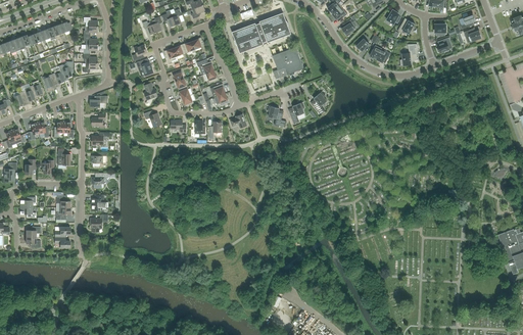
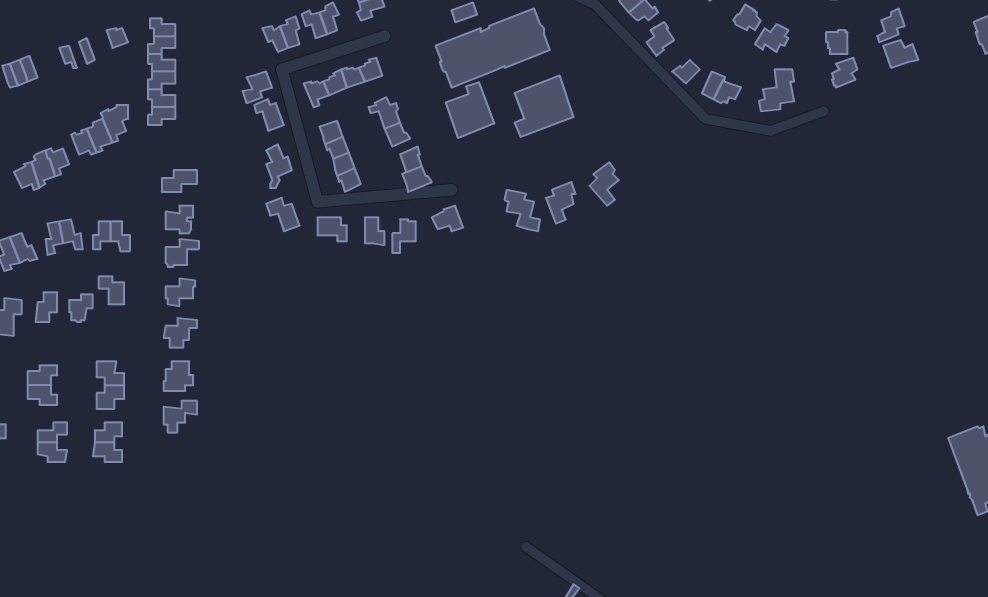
building: none -> [446,82,494,138]

